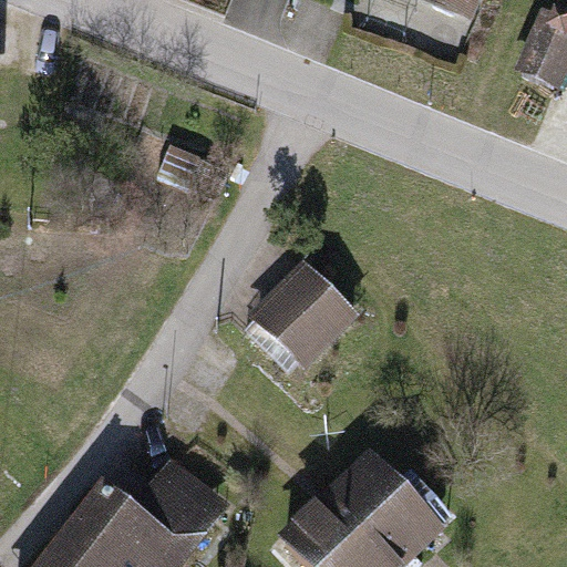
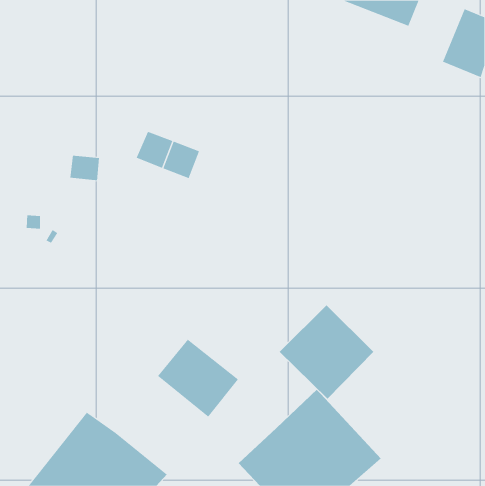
building: [248,262,359,373] -> [279,304,374,400]
building: [135,461,230,553] -> [157,339,239,418]

